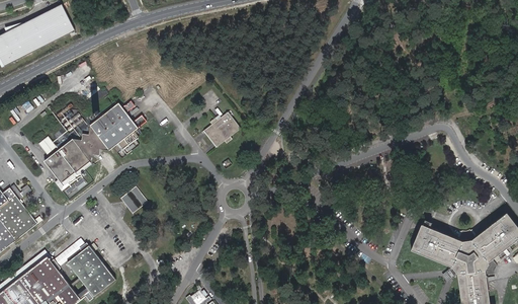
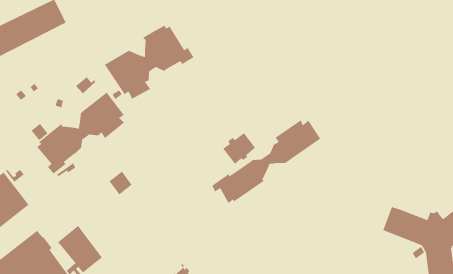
building: none -> [104,25,194,100]
building: [203,112,239,147] -> [222,132,256,165]
building: none -> [211,119,321,204]

